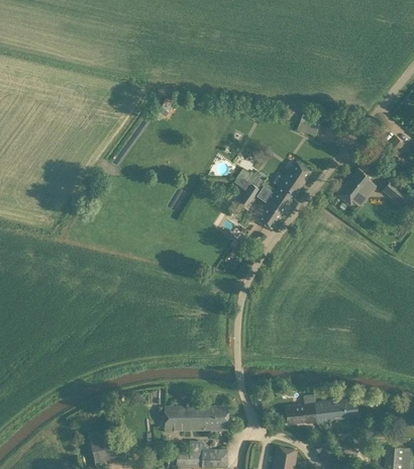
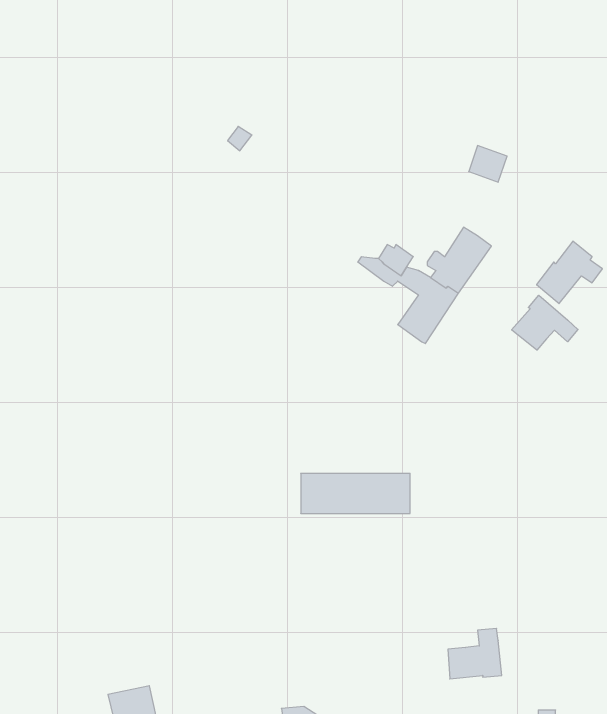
building: none -> [512,295,578,350]
building: [316,398,357,423] -> none
building: [165,406,228,430] -> [301,473,410,513]

